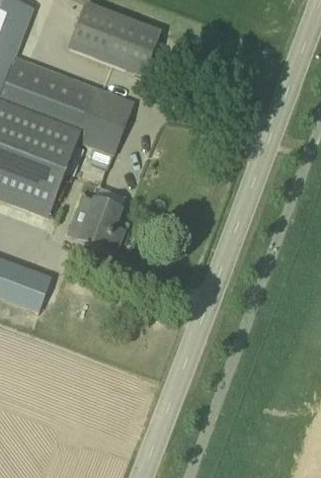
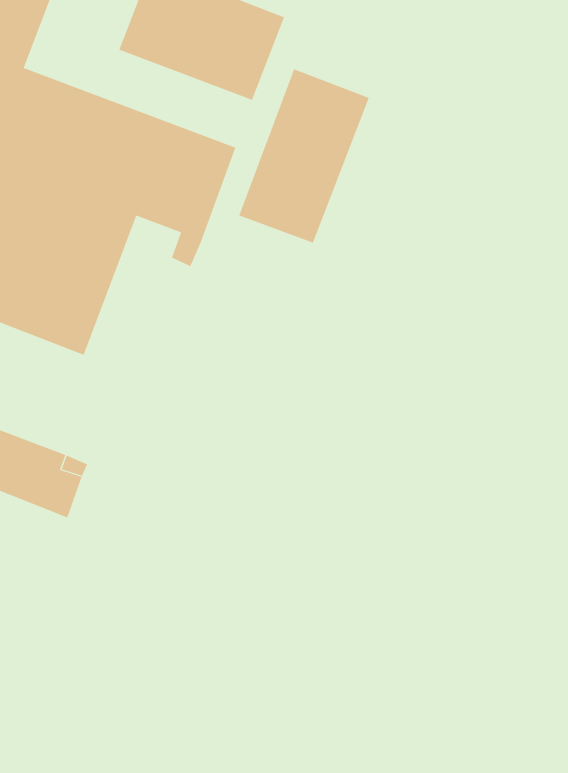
building: none -> [239,68,370,244]
building: [66,193,122,252] -> none

